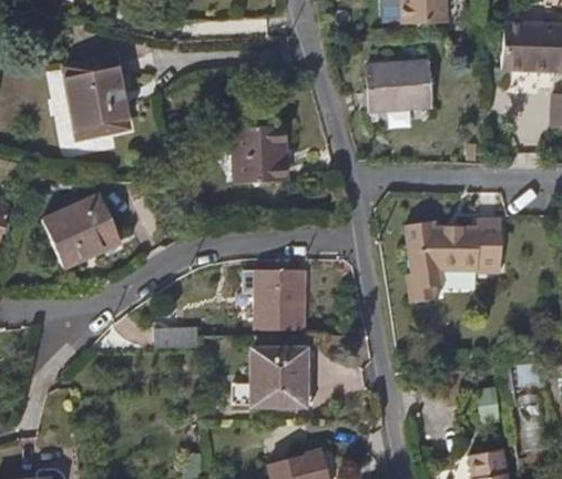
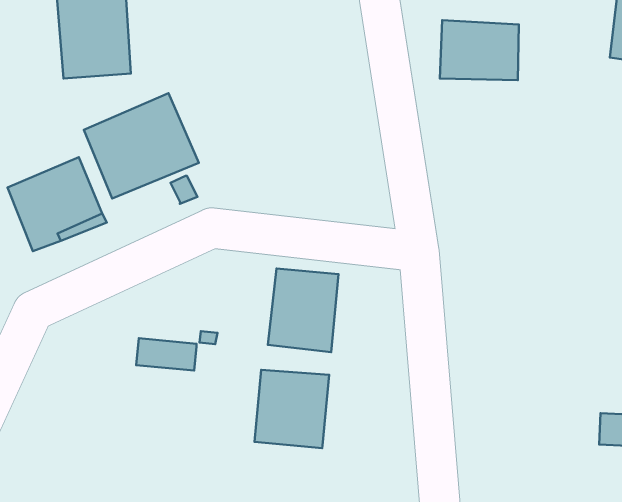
building: [232,119,286,181] -> none
building: none -> [84,93,199,199]
building: [407,214,504,302] -> none

